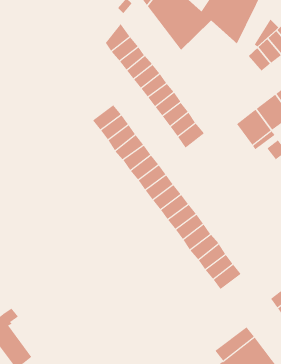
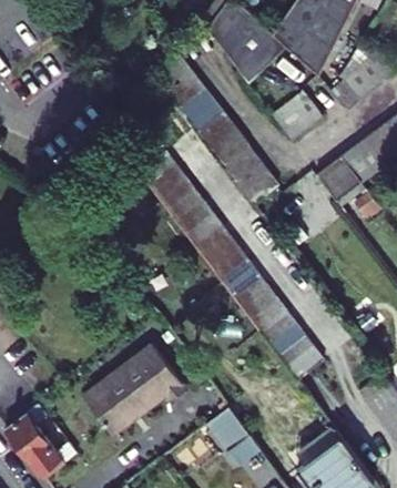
building: none -> [273,92,324,142]
building: none -> [84,345,187,436]
building: none -> [207,407,251,453]

